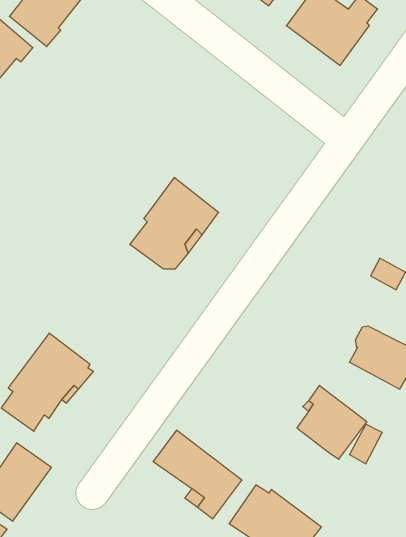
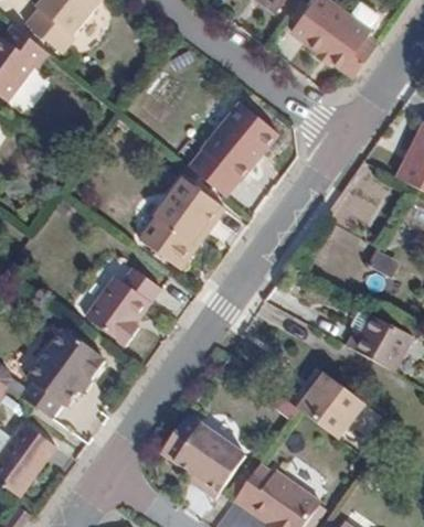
building: none -> [187,99,283,198]
building: none -> [85,267,158,342]

